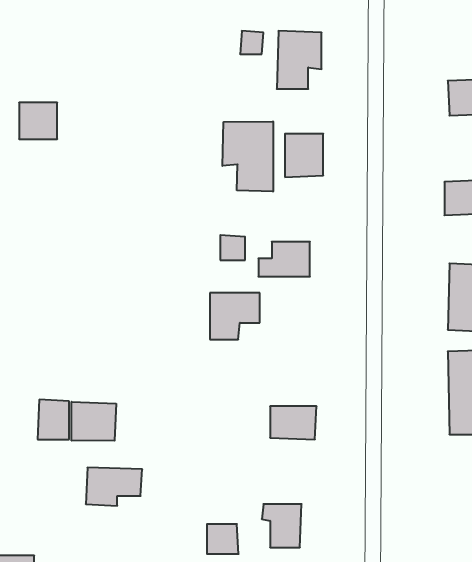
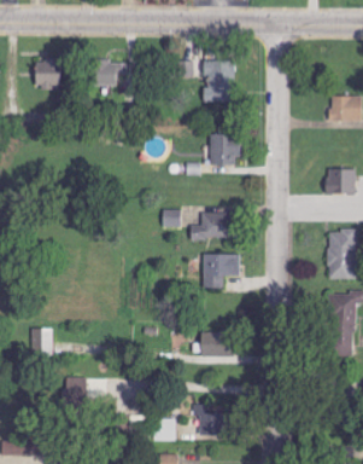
building: none -> [92,60,127,86]
building: [19,103,57,139] -> [34,59,62,86]
building: [222,121,273,192] -> none
building: [210,293,260,339] -> [203,254,239,288]
building: [72,402,116,441] -> none

